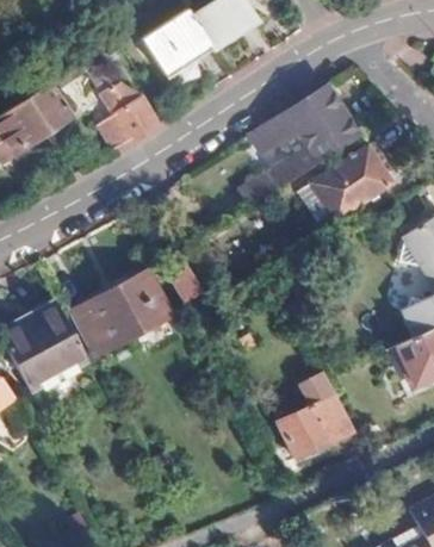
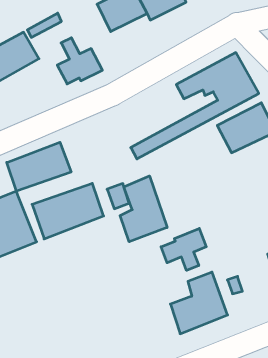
building: none -> [7,142,71,191]
building: none -> [120,176,167,242]
building: none -> [161,228,206,270]

